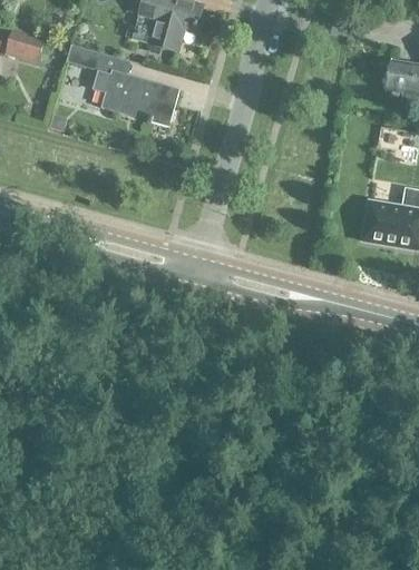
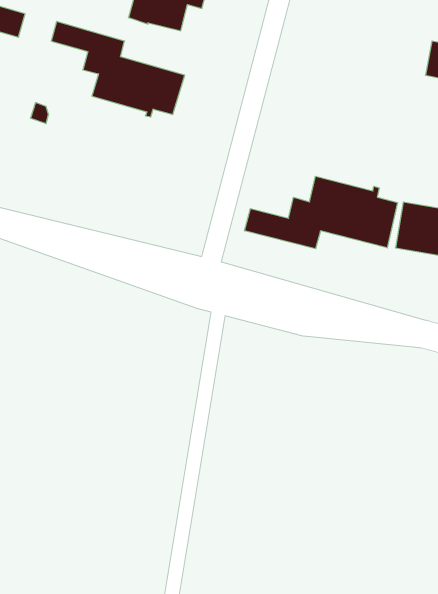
building: none -> [245,176,398,249]

